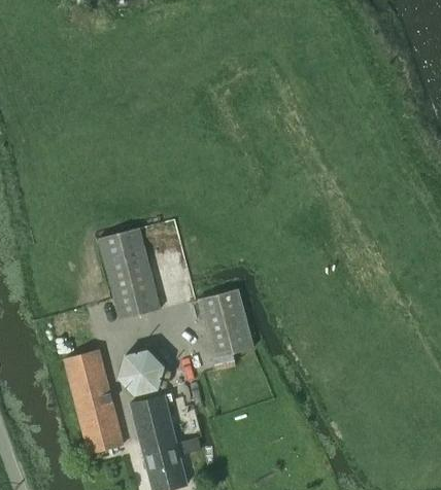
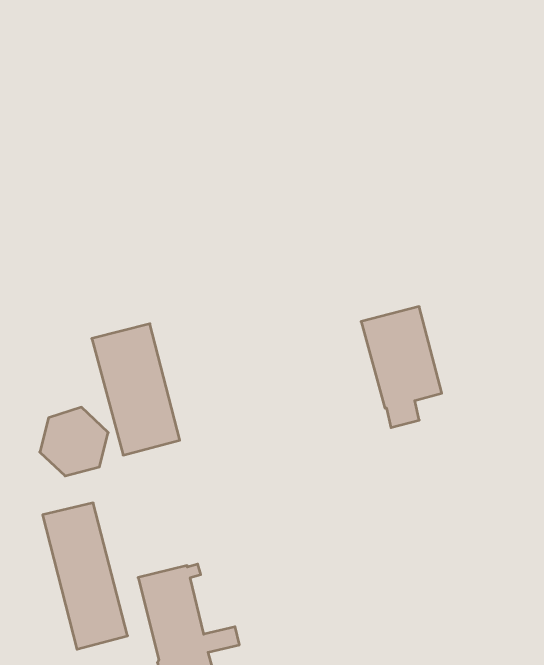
building: [197,287,252,371] -> [361,307,442,428]
building: [117,350,165,397] -> [40,407,108,476]

